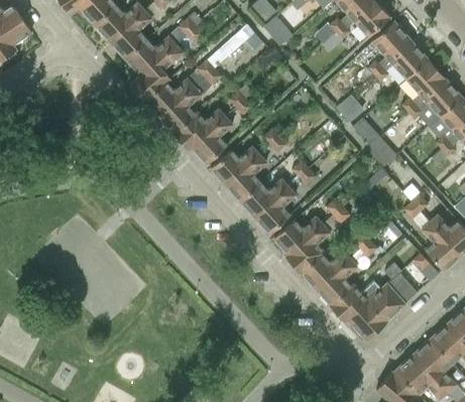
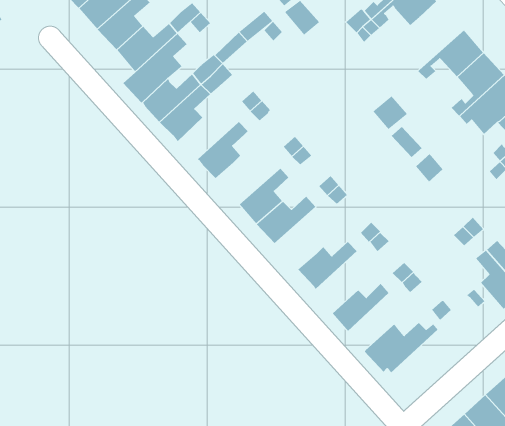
building: [367,21,412,75] -> none
building: [175,108,226,149] -> none
building: [211,145,260,184] -> none
building: [255,186,297,234] -> none
building: [285,223,331,274] -> none
building: [316,257,358,304] -> none
building: [351,287,405,341] -> none

